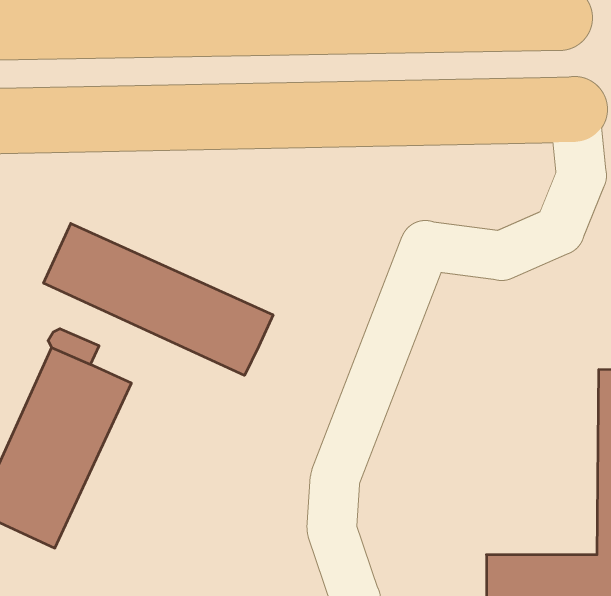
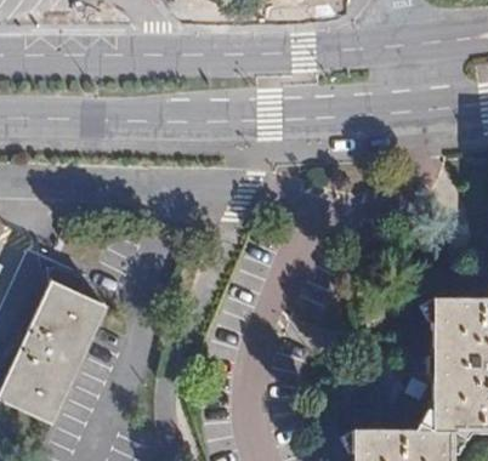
building: [44,223,273,375] -> none

